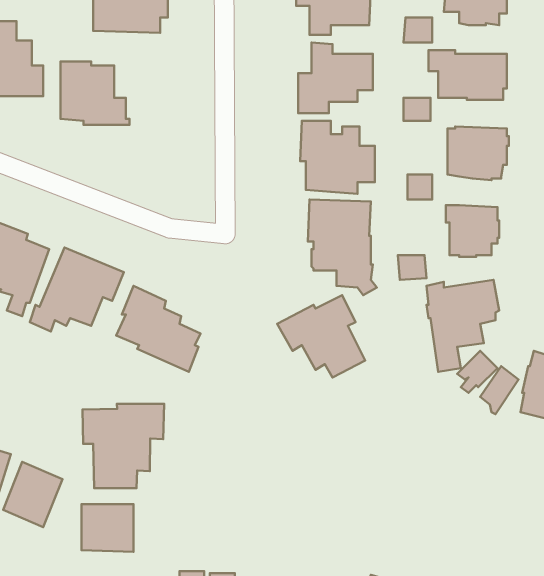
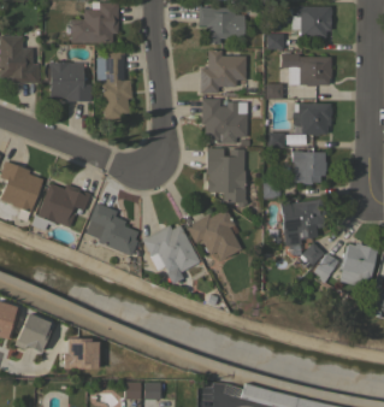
building: none -> [98,51,132,120]
building: none -> [142,224,201,272]
building: [83,404,164,488] -> none

